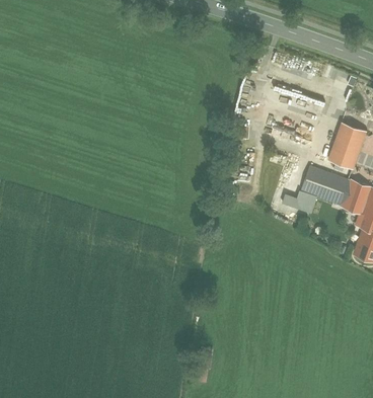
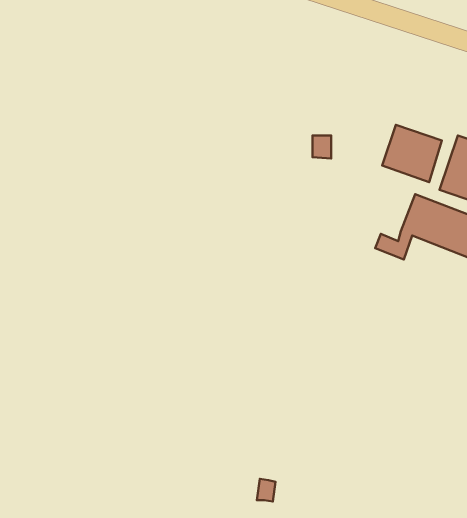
building: none -> [382,125,442,182]

